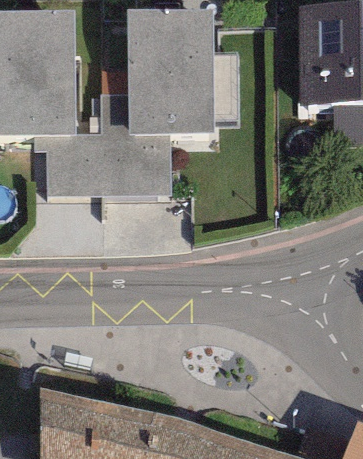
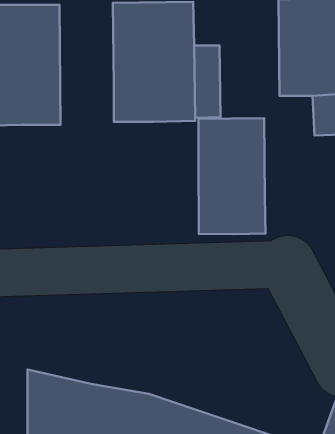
building: [34,95,172,196] -> none
building: none -> [198,118,265,234]

